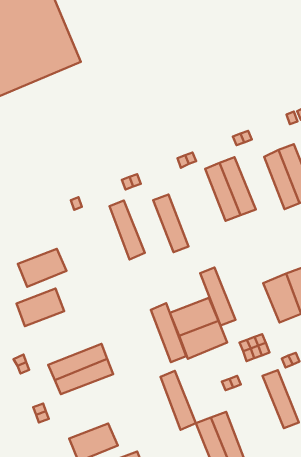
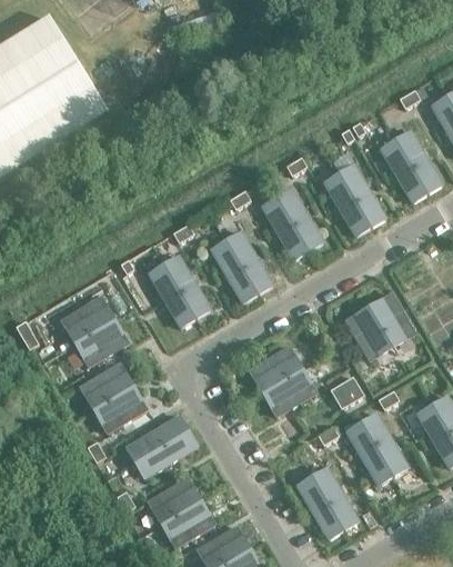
building: none -> [61,296,114,342]
building: [200,267,236,326] -> [226,231,273,294]
building: [151,303,186,362] -> [149,263,195,327]
building: none -> [93,386,147,432]
building: [161,371,196,430] -> [346,421,393,485]
building: none -> [148,477,201,524]

